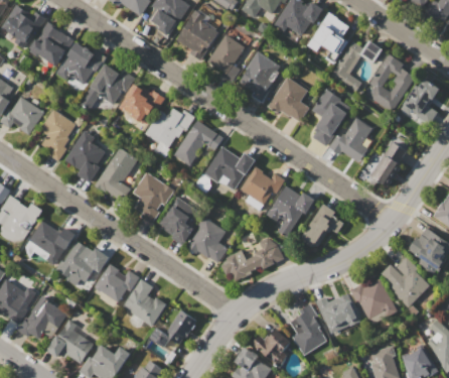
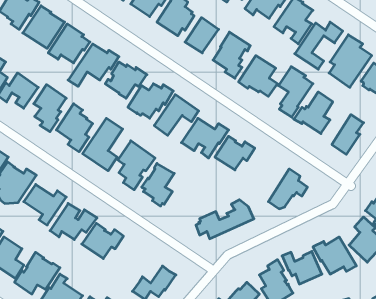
building: [266,185,314,237] -> none
building: [186,216,228,262] -> none
building: [122,278,166,327] -> none

